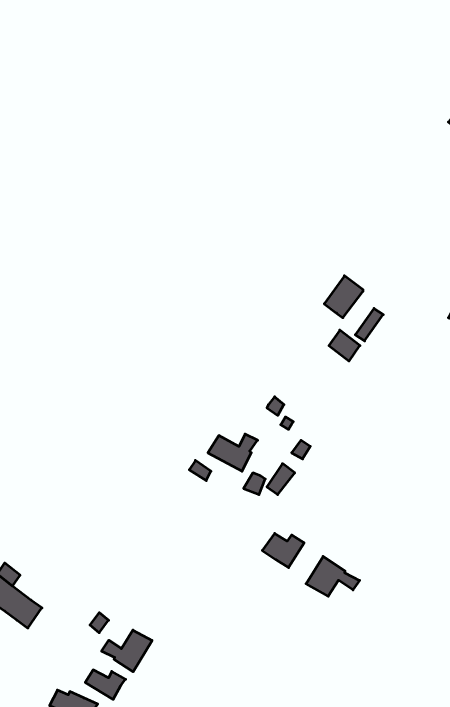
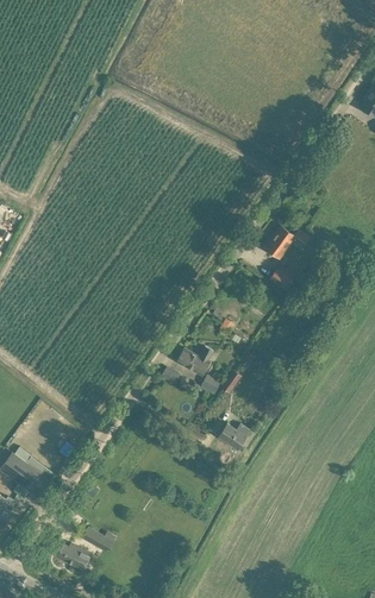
building: [306,556,360,596] -> none
building: [102,630,152,672] -> none

